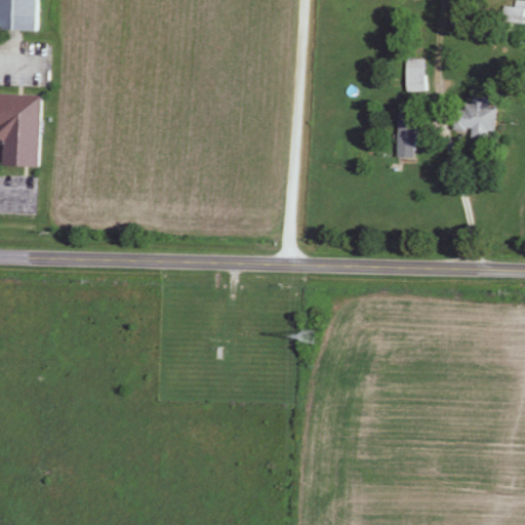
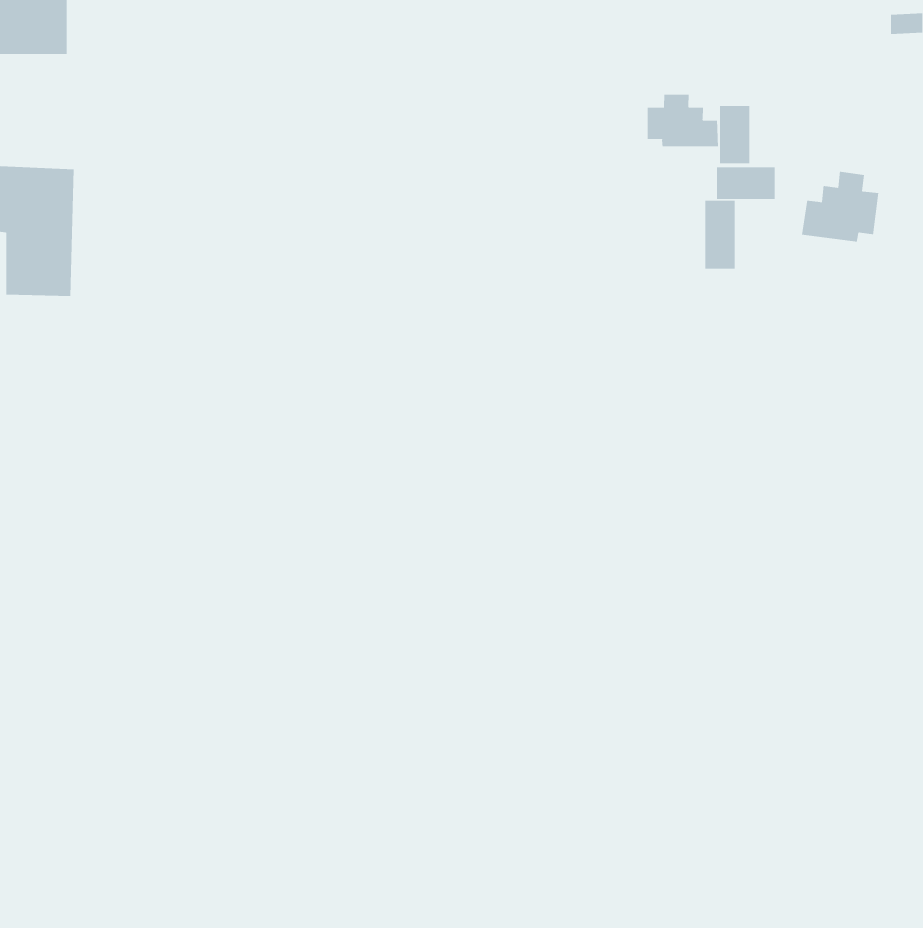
building: none -> [647,94,719,147]
building: none -> [717,166,775,200]

